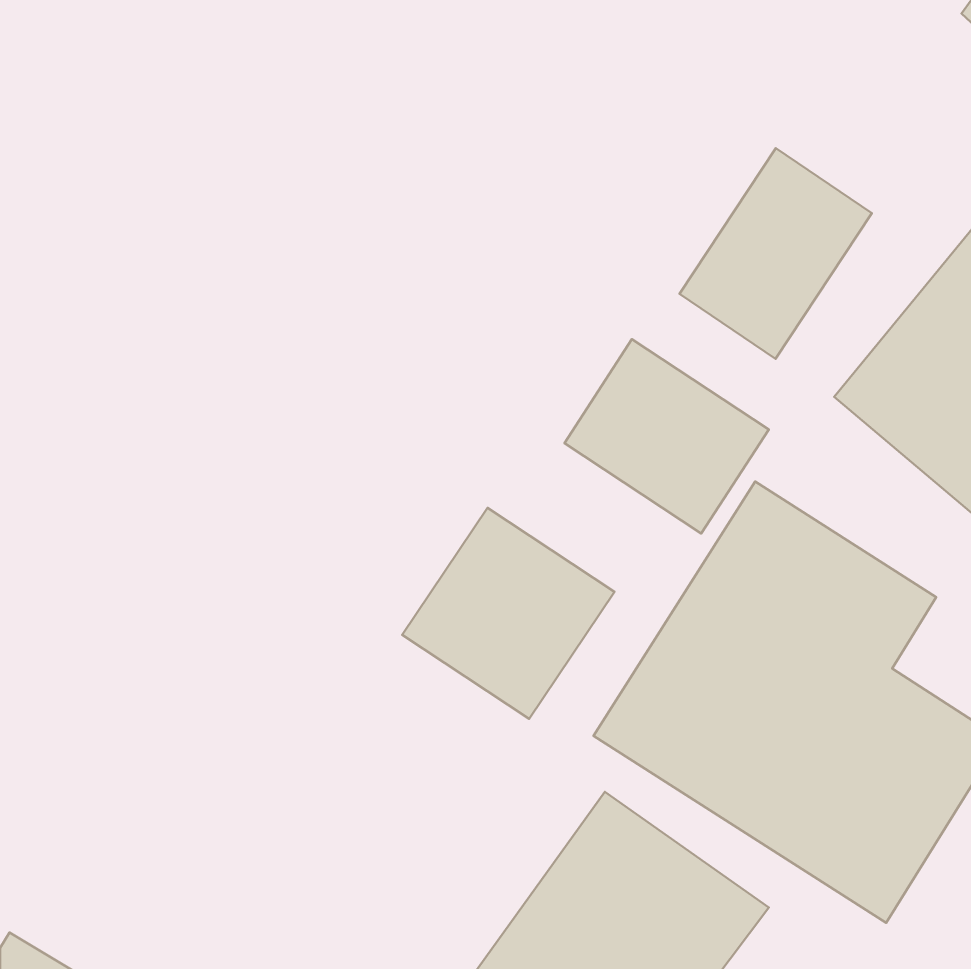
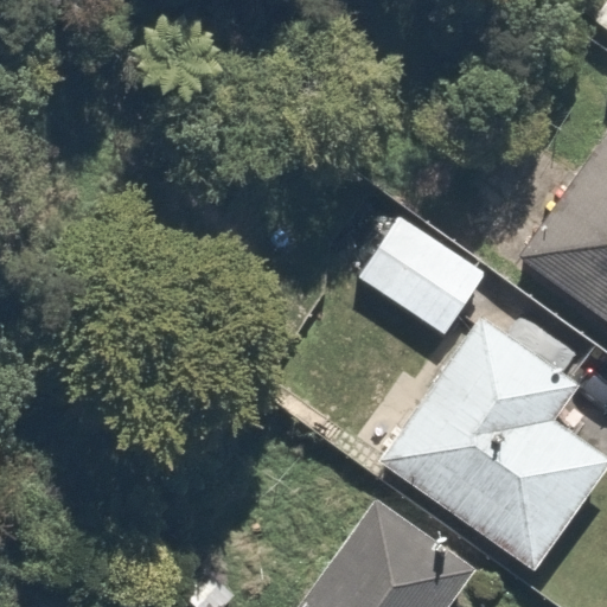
building: [679,148,872,359] -> none
building: [402,508,614,719] -> none

